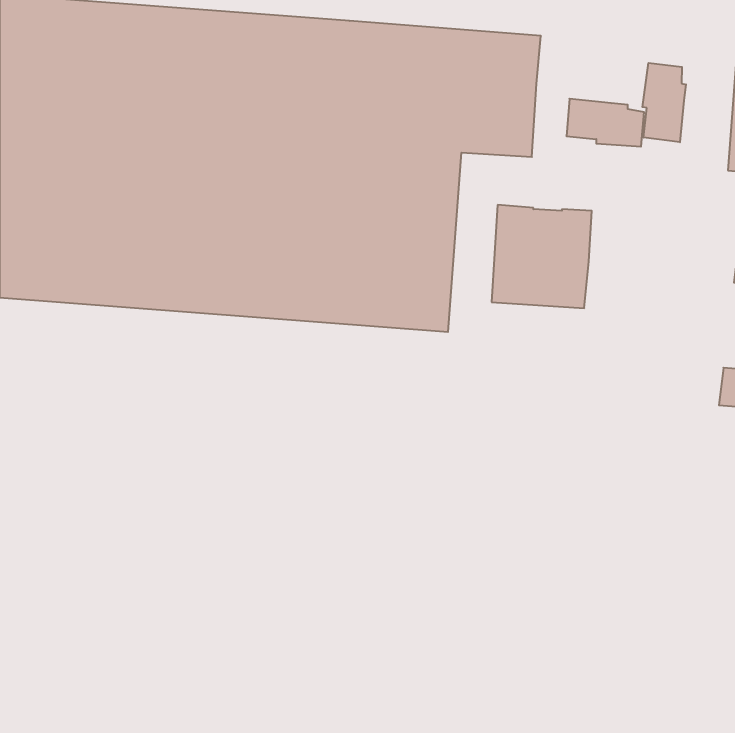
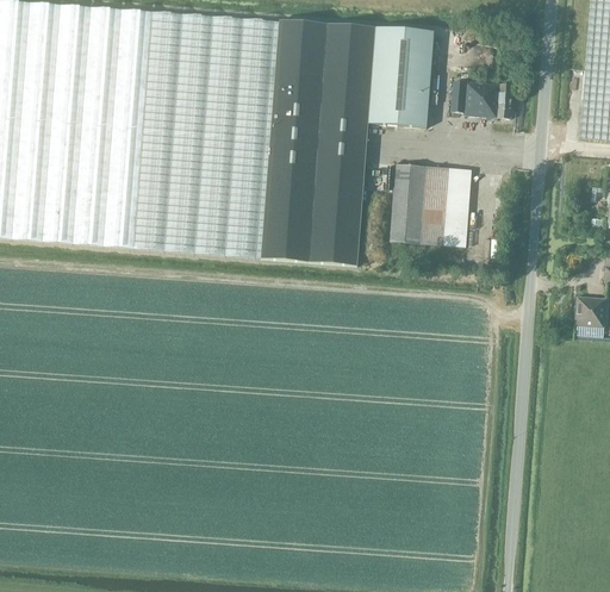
building: [642,63,686,142] -> none

